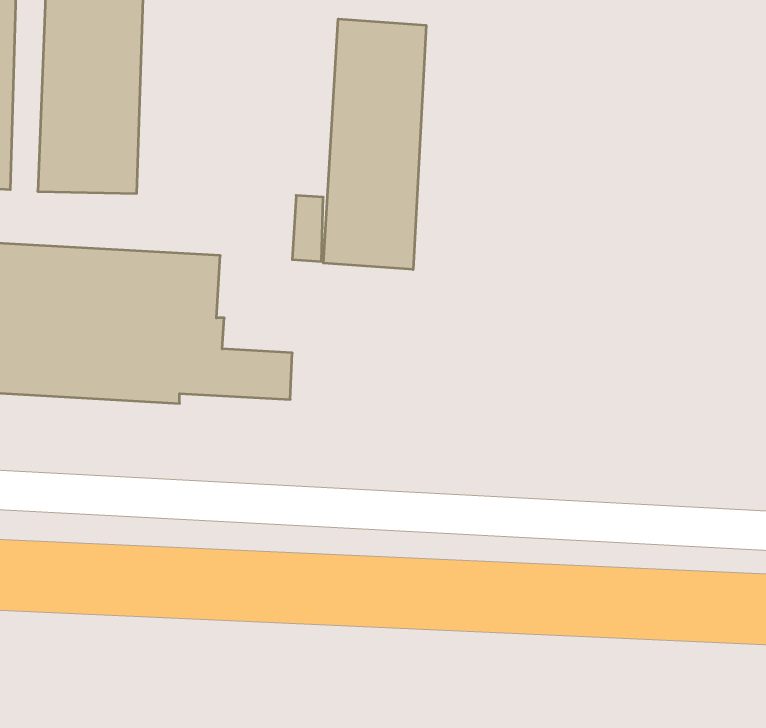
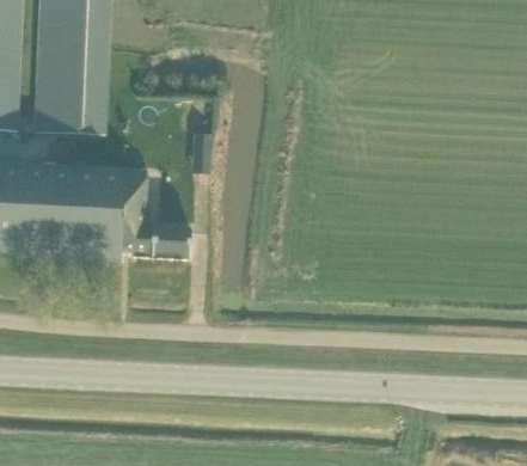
building: [323,19,426,270] -> none

